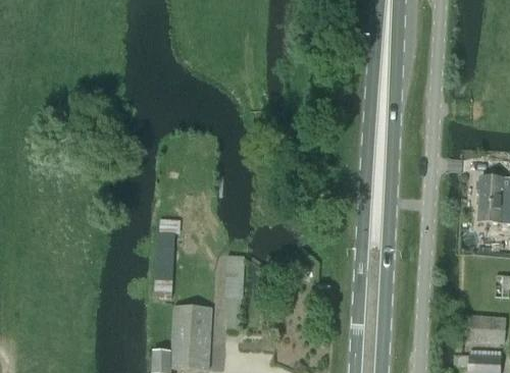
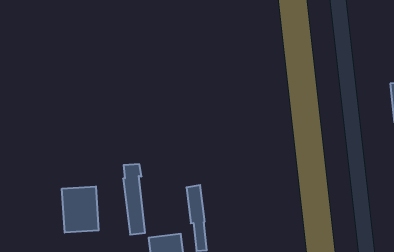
building: none -> [62,186,99,233]

